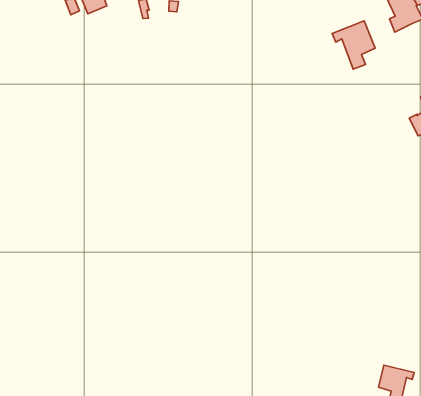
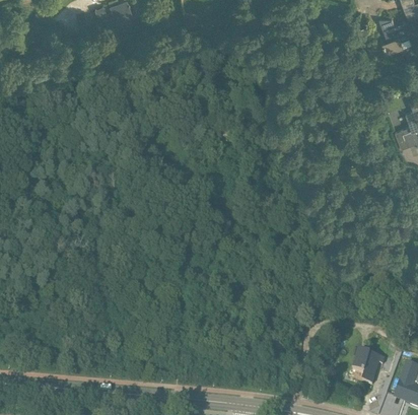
building: [332,21,375,69] -> none

